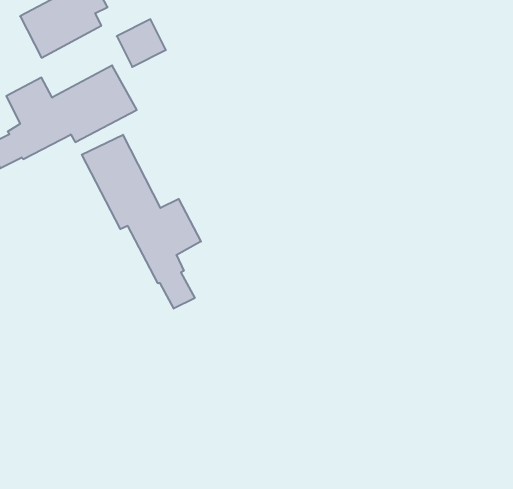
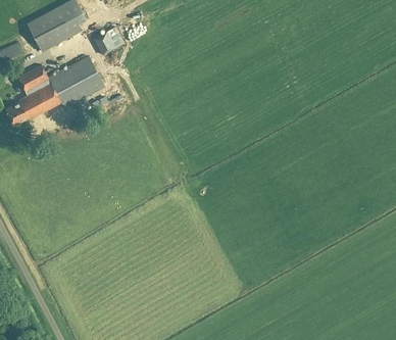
building: [82,135,201,309] -> none

